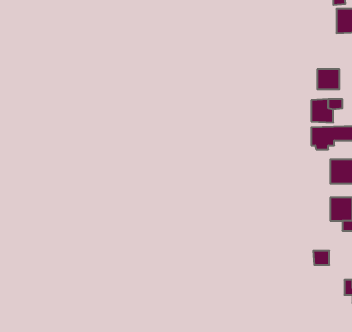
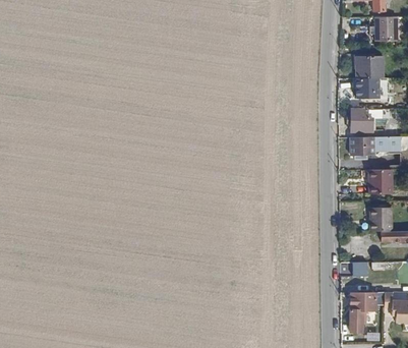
building: none -> [356,56,384,78]
building: none -> [350,292,376,333]

